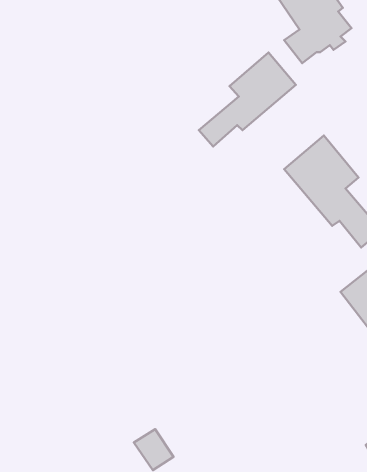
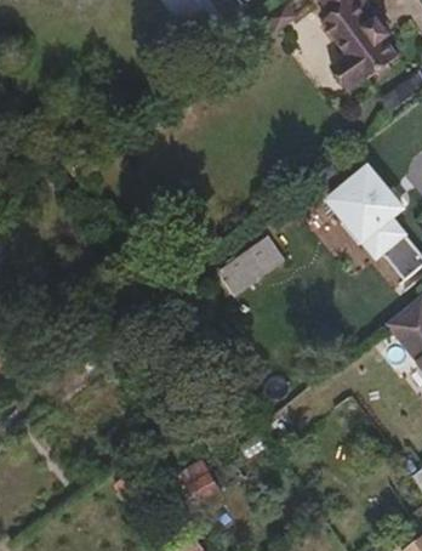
building: [199,52,296,146] -> none
building: none -> [213,251,264,299]

